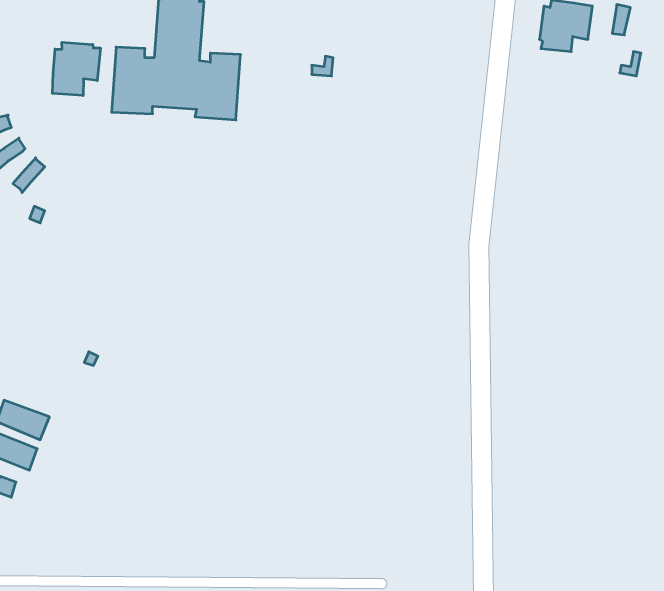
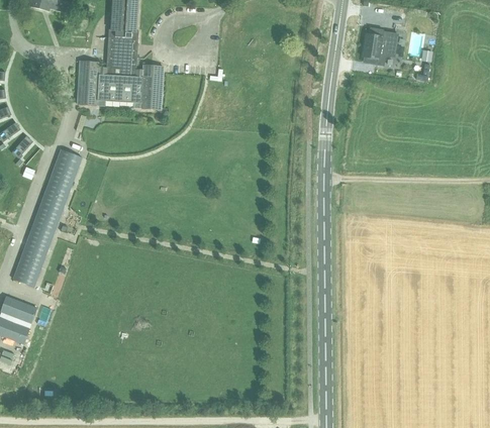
building: [52,42,100,96] -> none
building: none -> [12,148,82,287]

